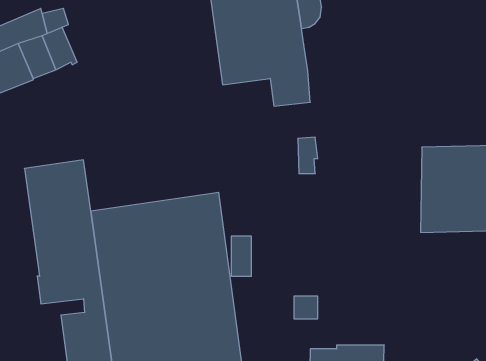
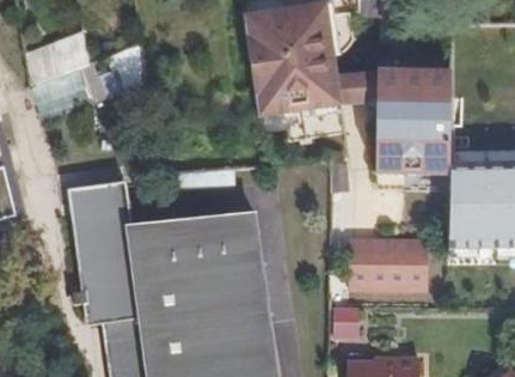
building: none -> [338,68,452,163]
building: none -> [343,238,422,292]

